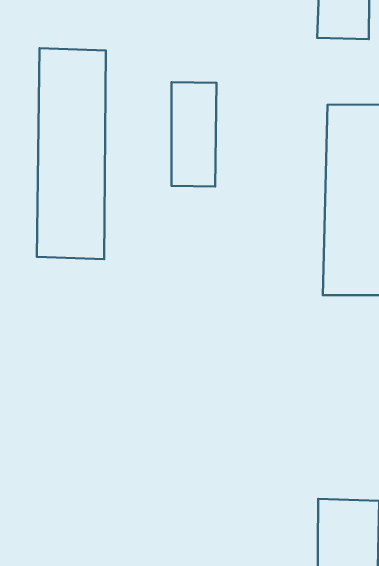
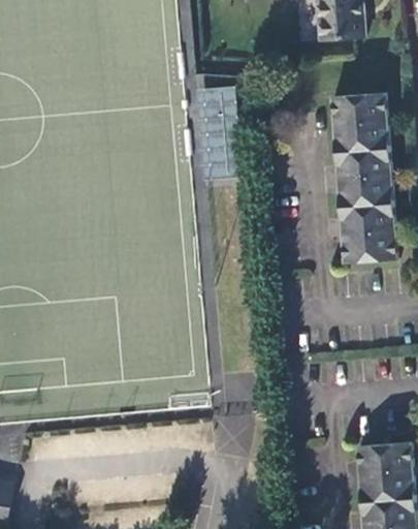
building: [37,48,106,259] -> none

